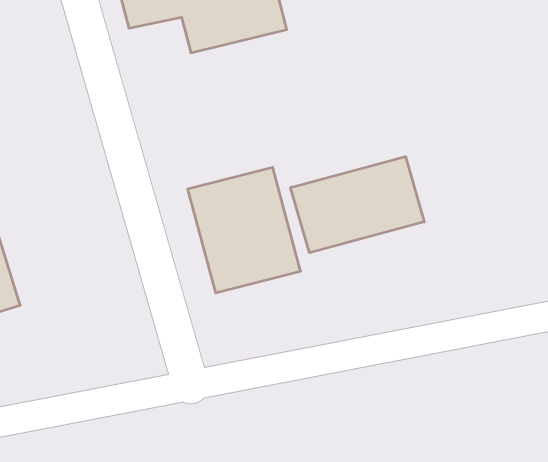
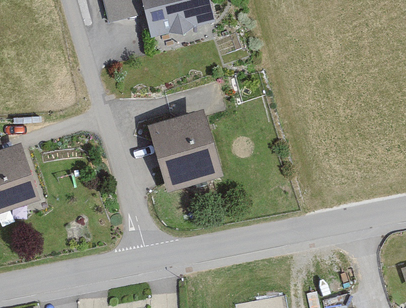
building: [291,157,424,253] -> none

